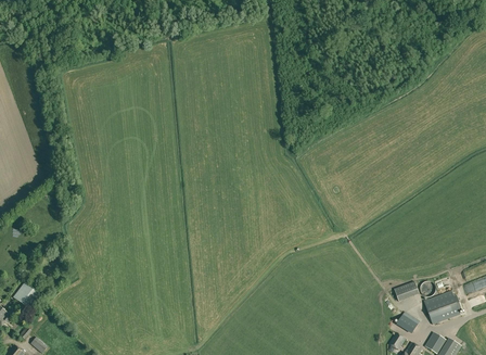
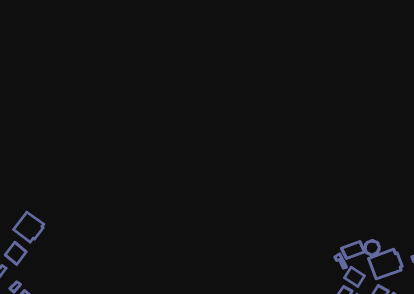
building: none -> [14,212,44,242]

